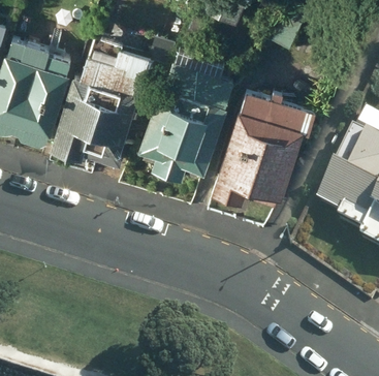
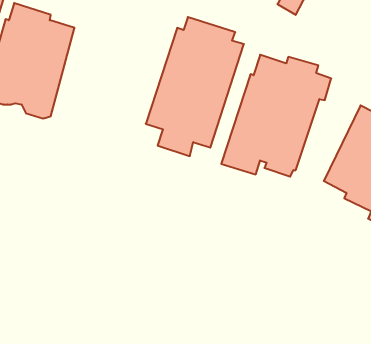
building: [56,37,151,158] -> none

